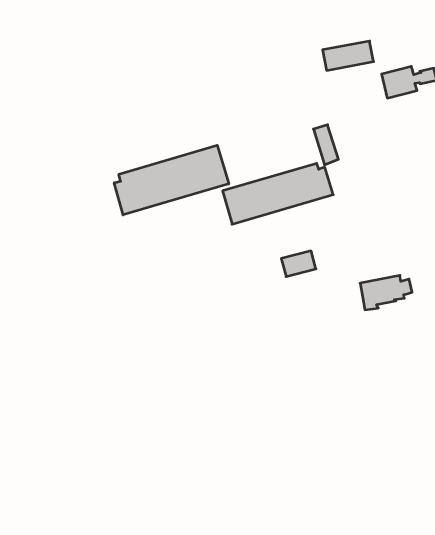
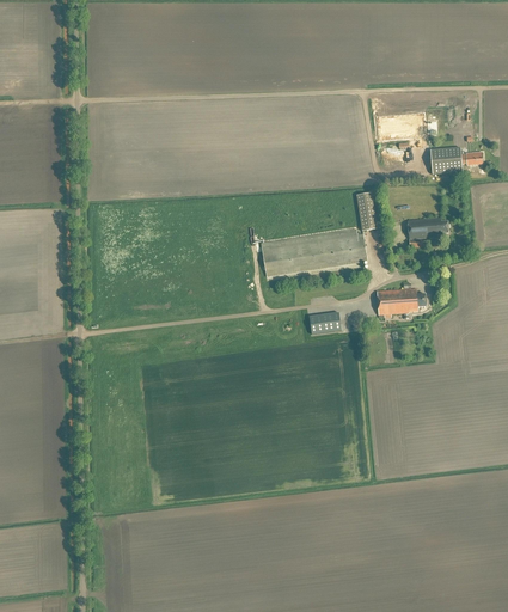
building: none -> [406,215,448,247]
building: [114,145,229,215] -> none
building: [360,275,412,310] -> [377,288,426,317]

